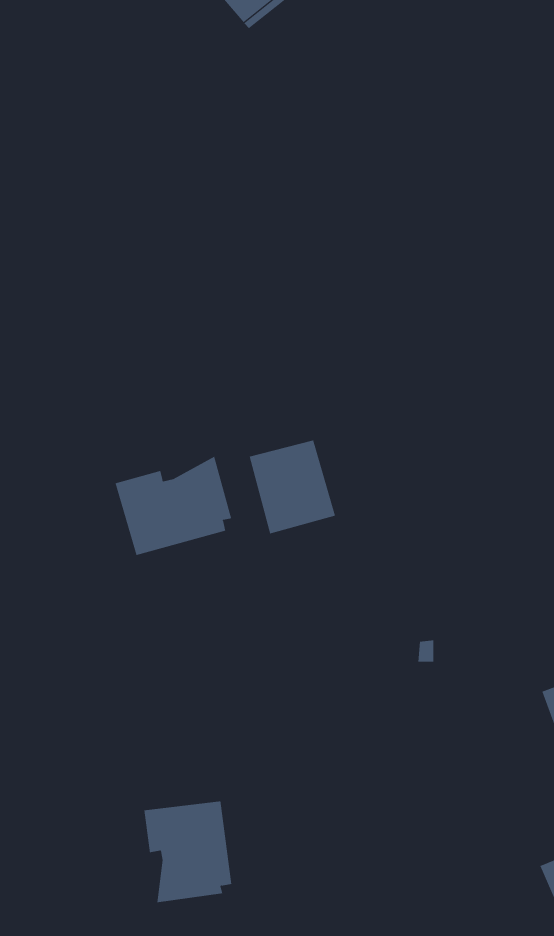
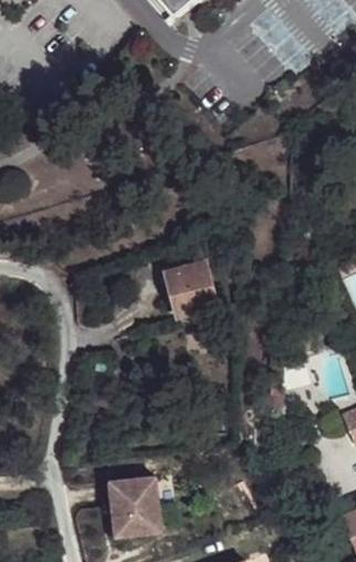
building: [115,456,232,556] -> none

